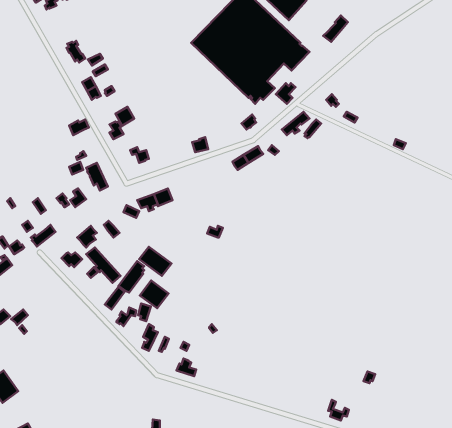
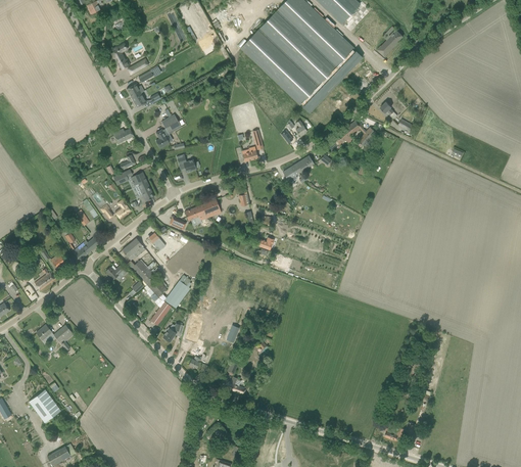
building: [139,247,171,276] -> none
building: [140,281,169,308] -> none

